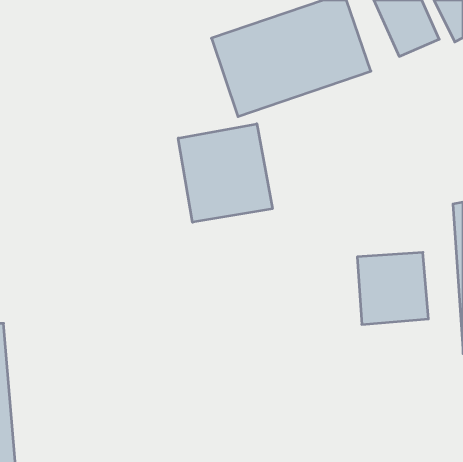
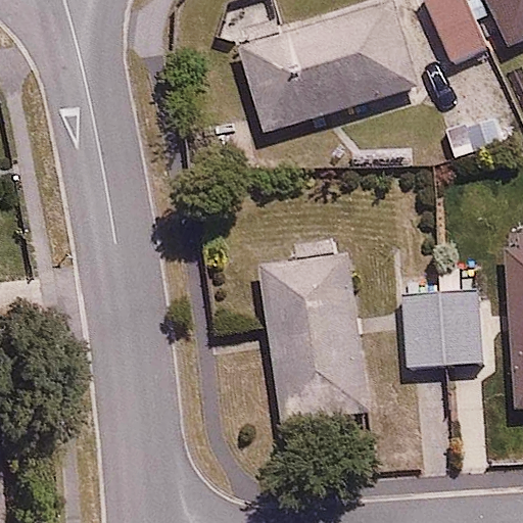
building: [178,124,272,222] -> none
building: none -> [257,252,365,423]

